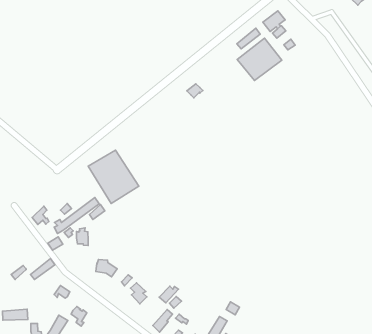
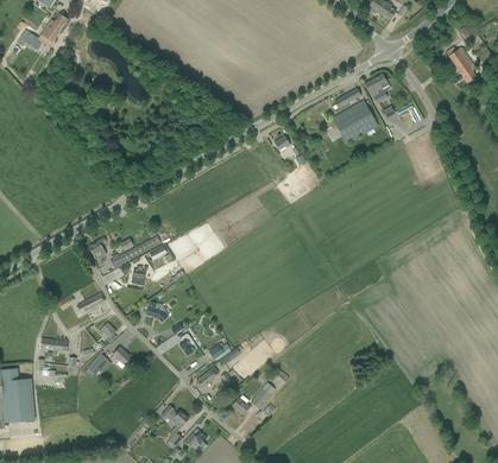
building: [88,150,139,204] -> none

